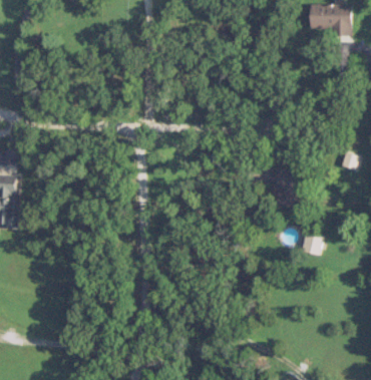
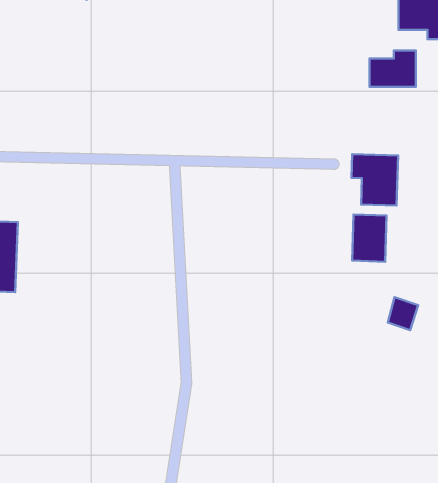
building: none -> [370,50,416,87]
building: none -> [352,154,398,206]

